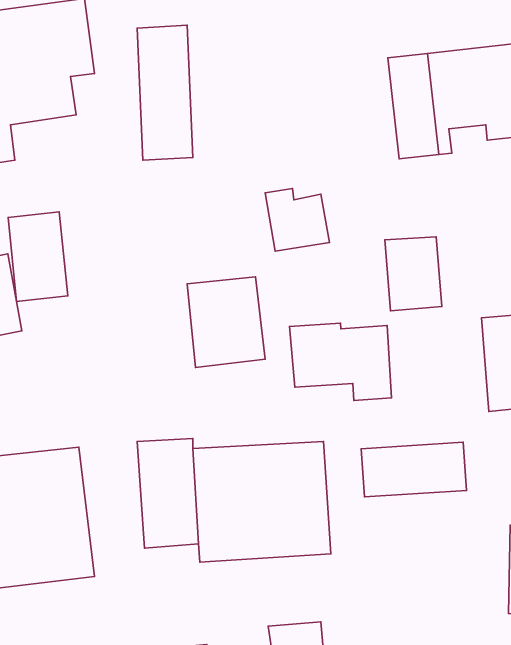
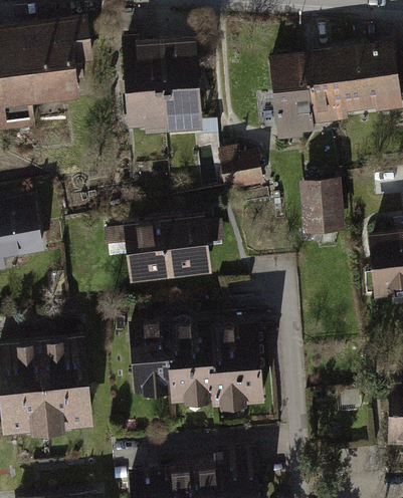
building: none -> [161,30,204,126]
building: none -> [268,55,312,141]
building: [8,212,68,301] -> [125,215,167,278]
building: [290,323,392,400] -> none
building: [361,442,466,497] -> none

